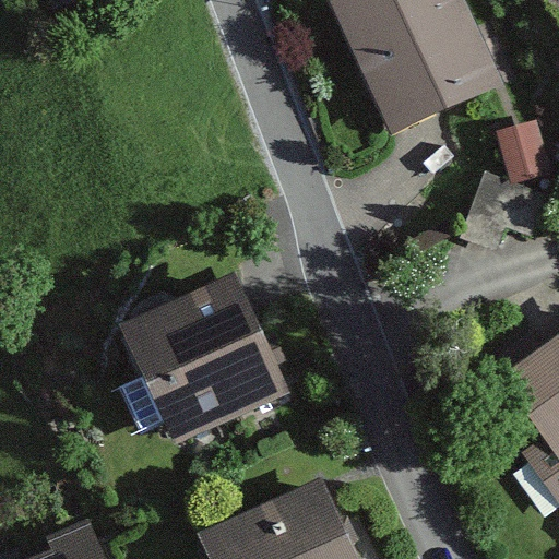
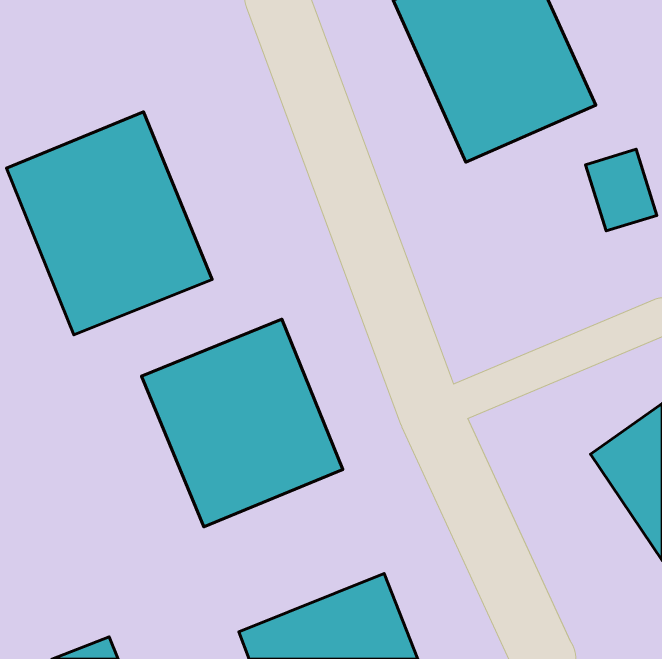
building: none -> [6,112,212,335]

